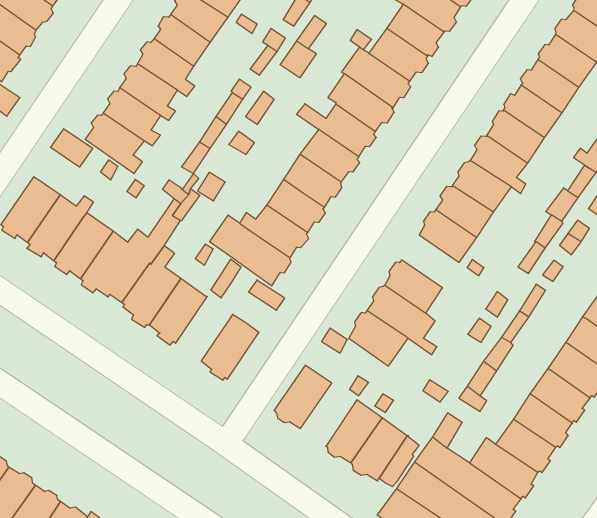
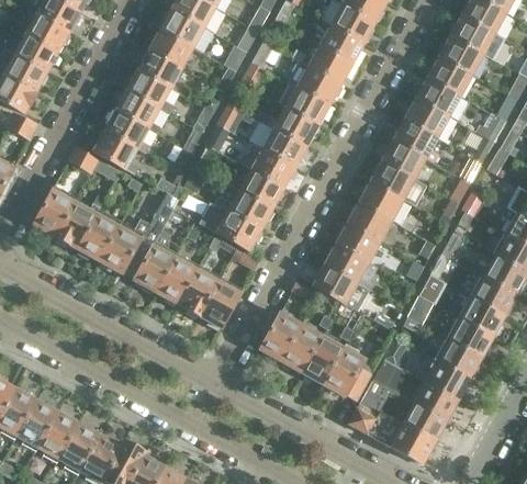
building: none -> [348,202,393,241]
building: none -> [179,266,221,318]
building: none -> [282,324,324,373]

